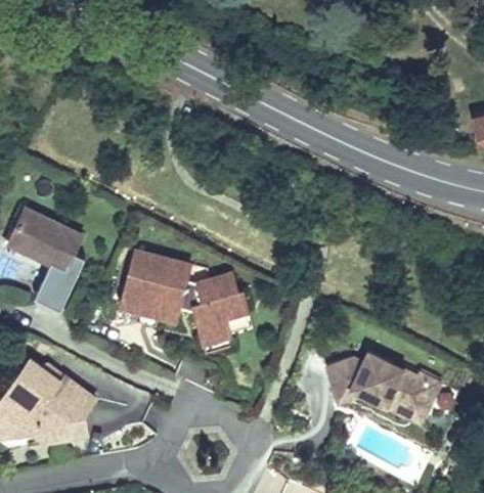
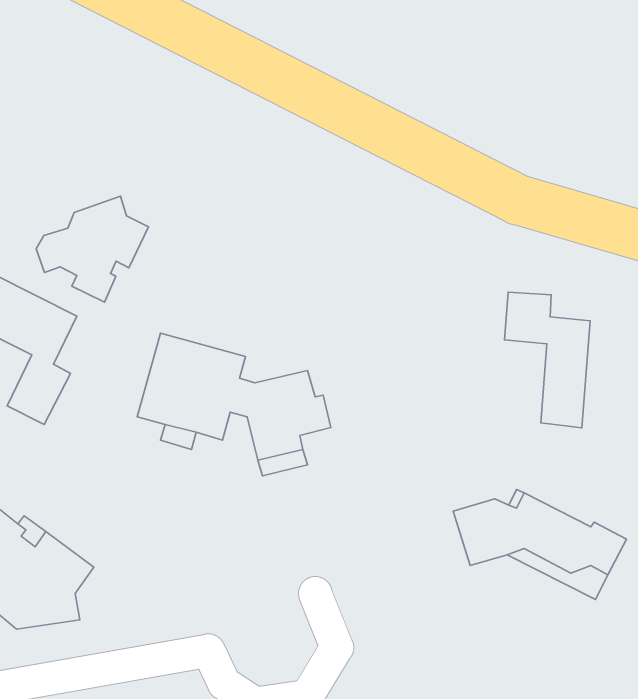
building: none -> [36,196,149,302]
building: none -> [504,292,590,428]

